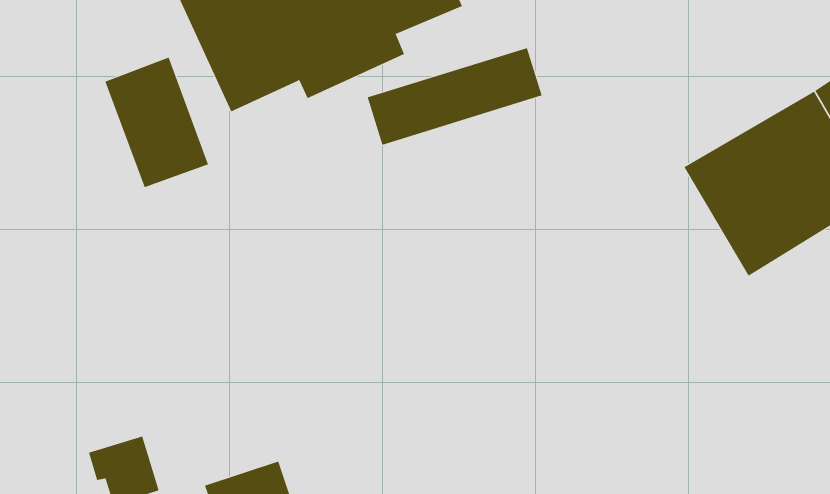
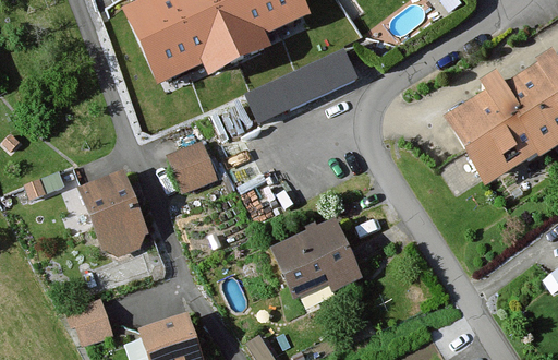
building: [104,57,209,188] -> [83,170,151,256]
building: none -> [163,140,213,190]
building: none -> [275,219,362,303]

